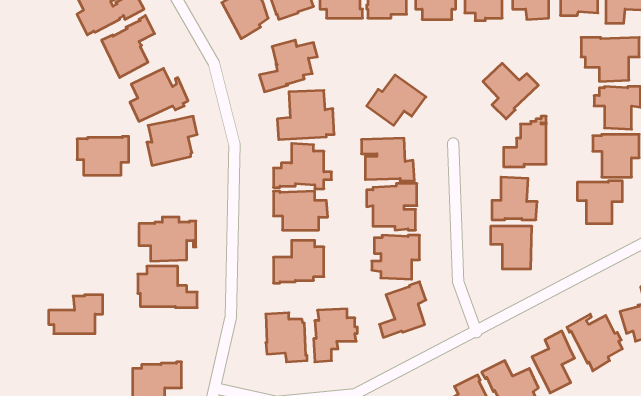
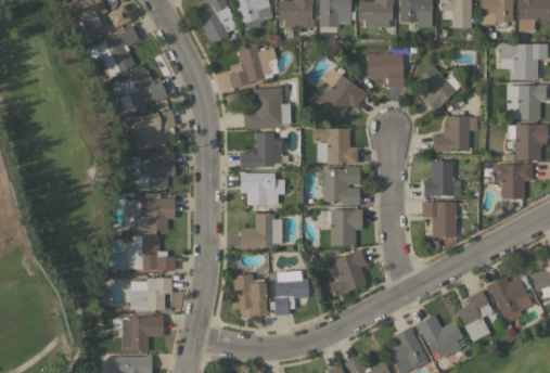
building: none -> [368,53,404,88]
building: [77,136,129,175] -> [131,155,175,188]
building: [49,295,103,334] -> [126,278,171,310]

